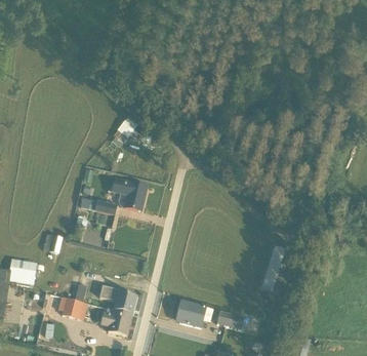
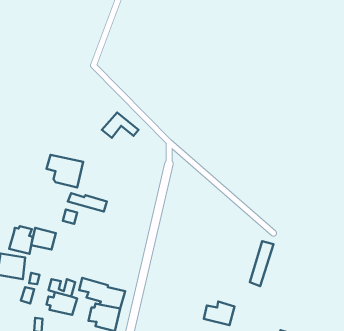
building: [110,177,147,210] -> [46,155,83,187]
building: none -> [9,226,33,254]
building: [174,300,212,328] -> none

